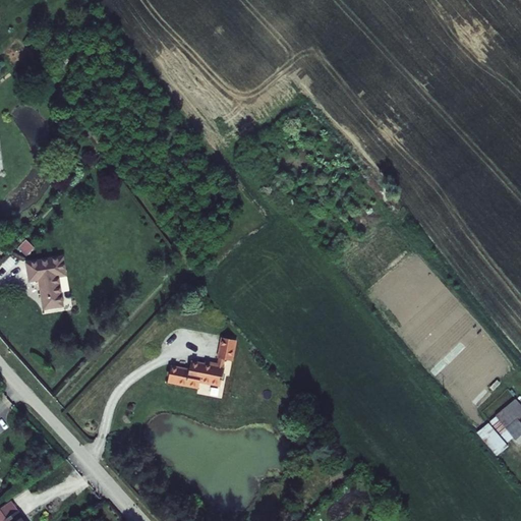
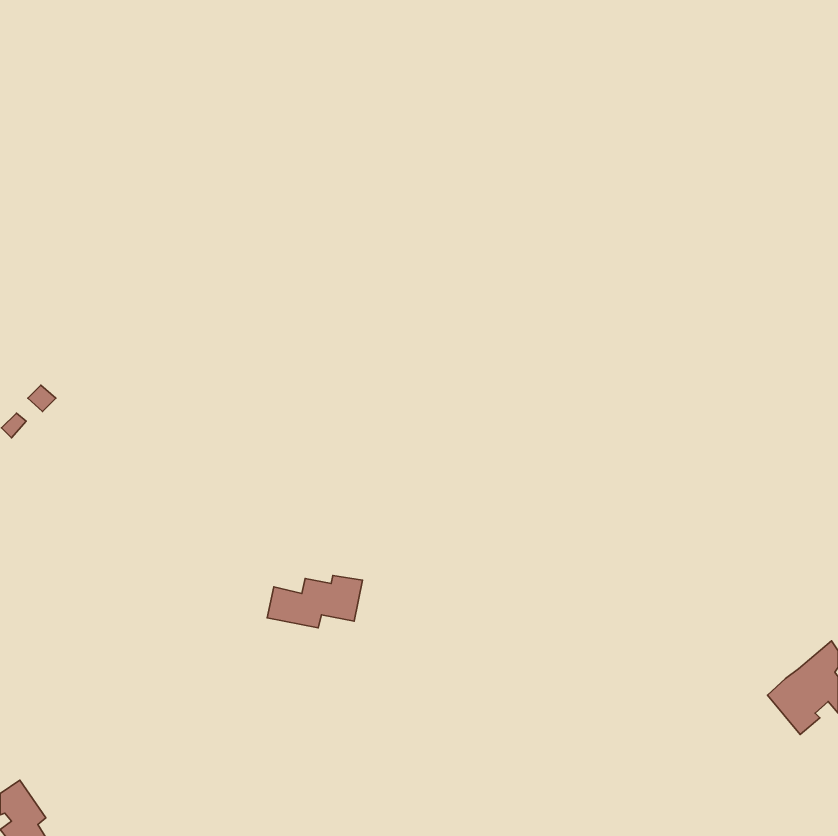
building: [24,256,67,312] -> none
building: [216,338,237,362] -> none

